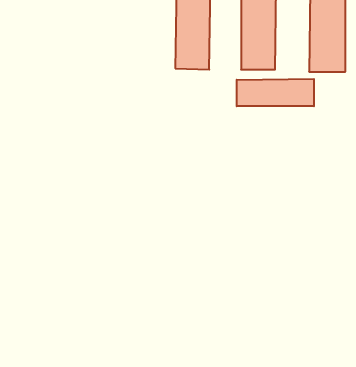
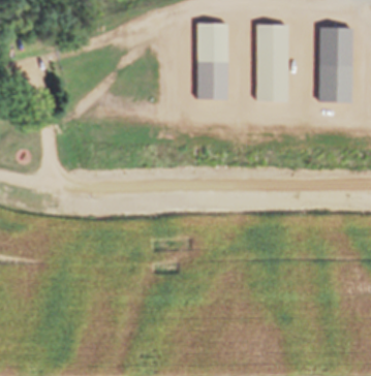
building: [237,79,314,106] -> none

